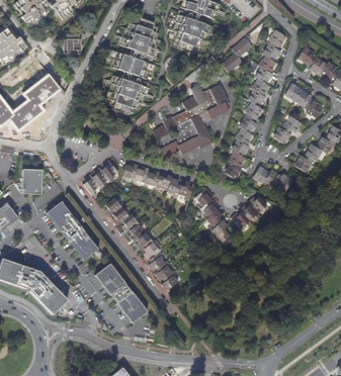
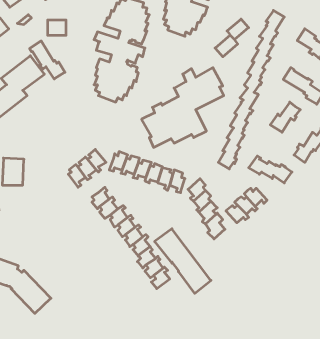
building: none -> [30,41,65,79]
building: [47,199,98,260] -> none
building: [94,262,147,322] -> [155,229,211,293]

